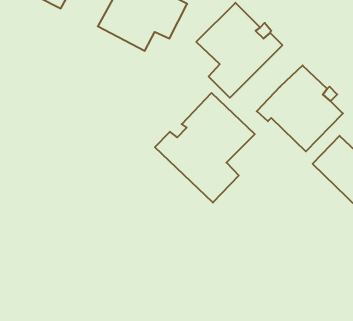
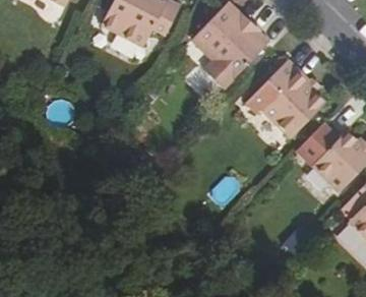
building: [155,93,255,203] -> none

